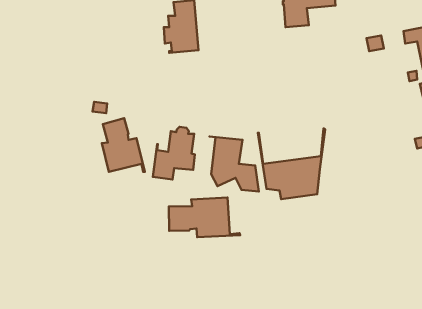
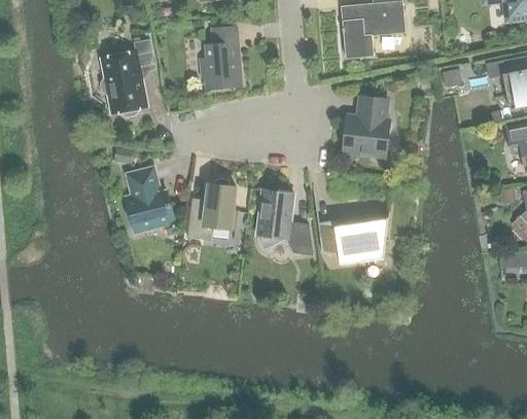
building: none -> [100,38,155,115]
building: none -> [342,95,390,154]
building: [169,197,240,237] -> none

